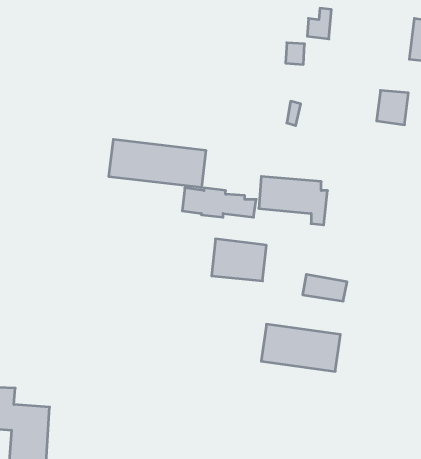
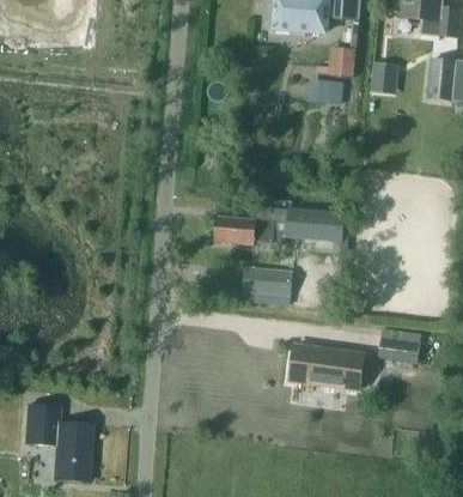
building: [377,90,408,125] -> [370,60,400,92]
building: [109,139,206,188] -> none
building: [303,274,347,301] -> [377,338,419,363]

